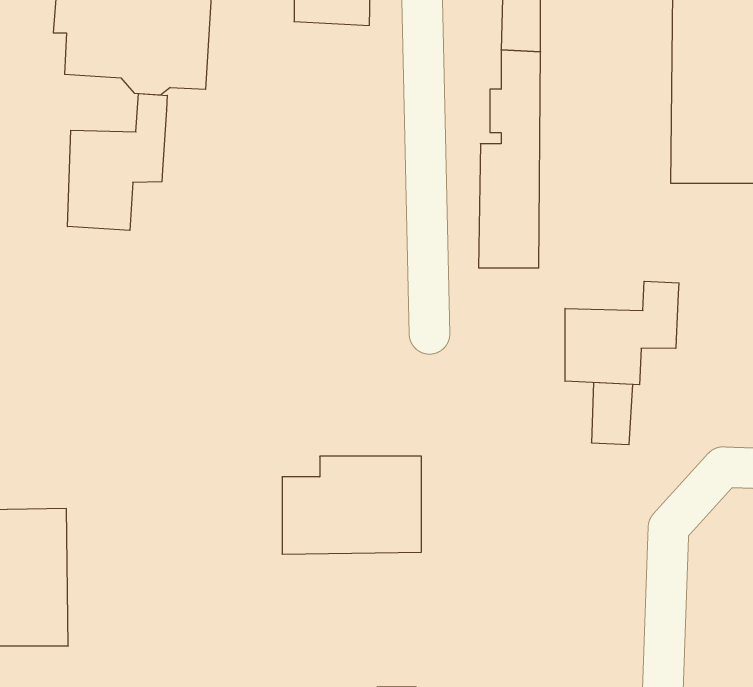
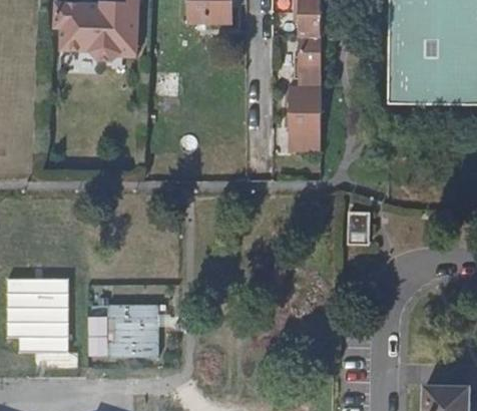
building: [68,94,167,230] -> none
building: [565,281,679,385] -> none
building: [282,456,421,554] -> [87,306,161,358]

